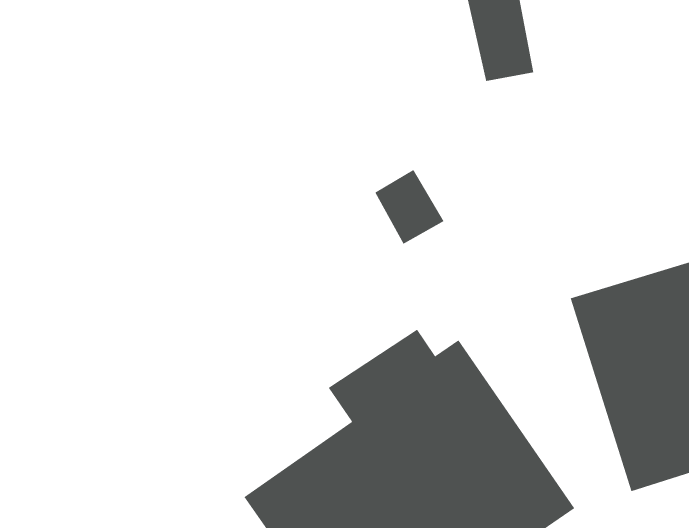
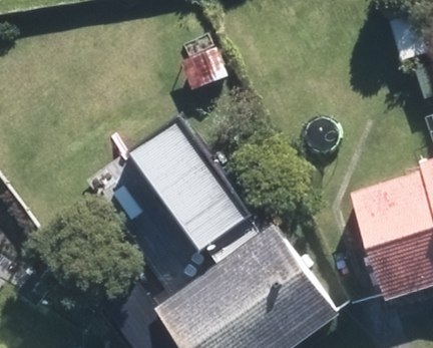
building: none -> [134,116,248,246]

